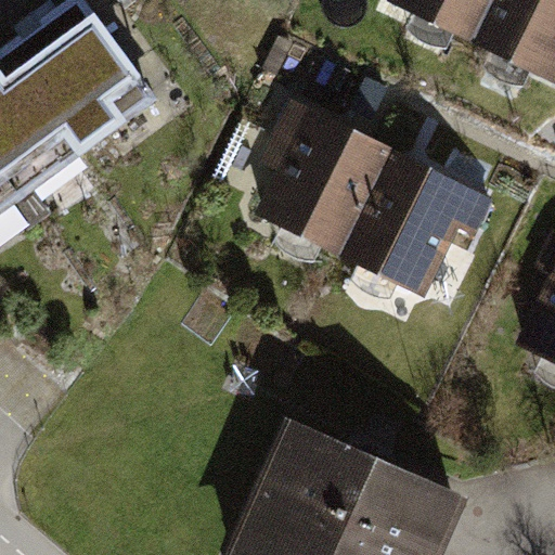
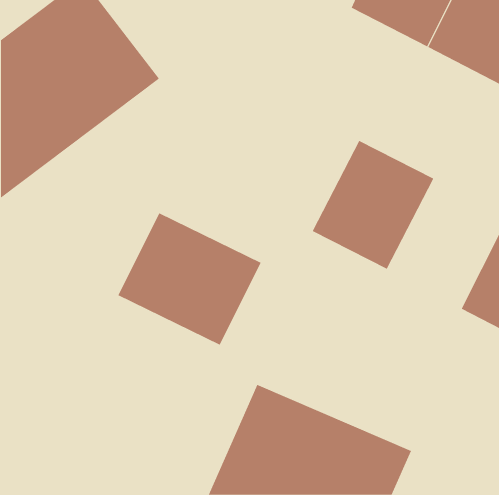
building: [250,106,399,256] -> none
building: none -> [118,212,261,346]

